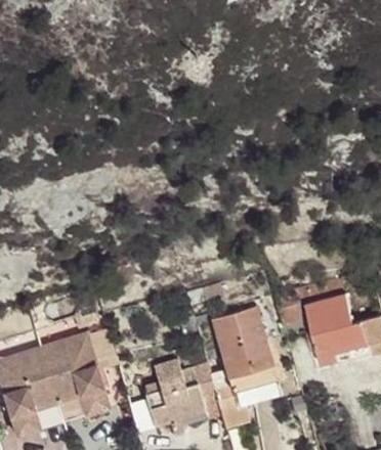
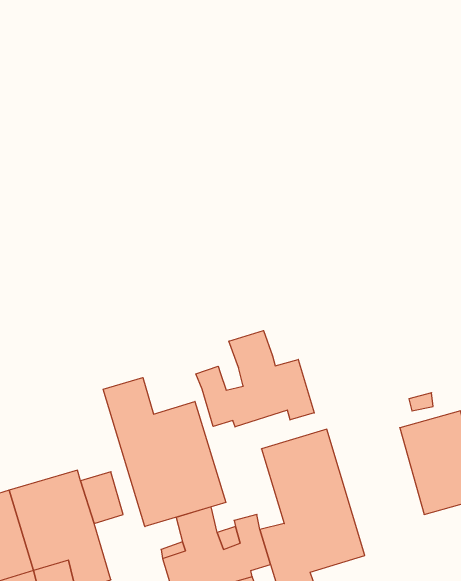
building: none -> [196,331,314,427]
building: none -> [103,378,226,527]

